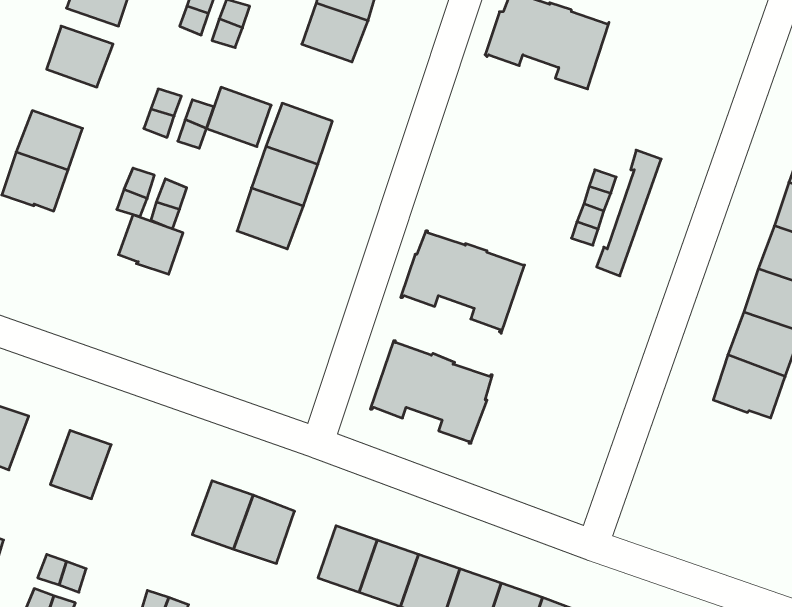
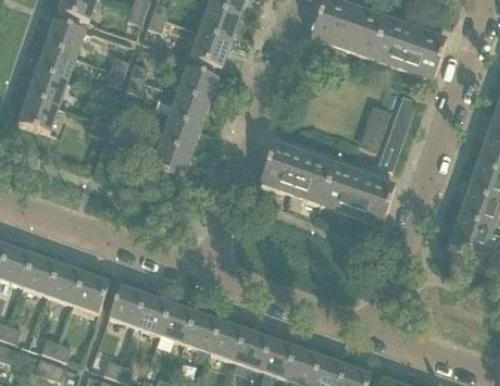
building: none -> [373,16,447,79]
building: none -> [37,45,76,80]
building: [207,87,271,147] -> [191,29,230,65]
building: [118,215,183,274] -> [152,142,191,178]
building: [370,341,492,443] -> [321,163,395,225]
building: none -> [23,254,60,296]
building: none -> [73,272,110,313]
building: none -> [109,285,146,326]
building: none -> [185,312,221,352]

